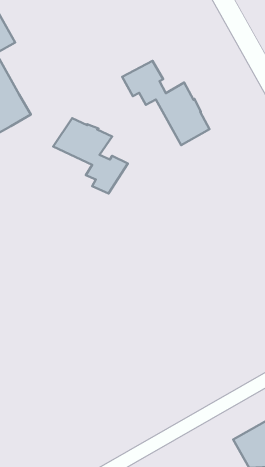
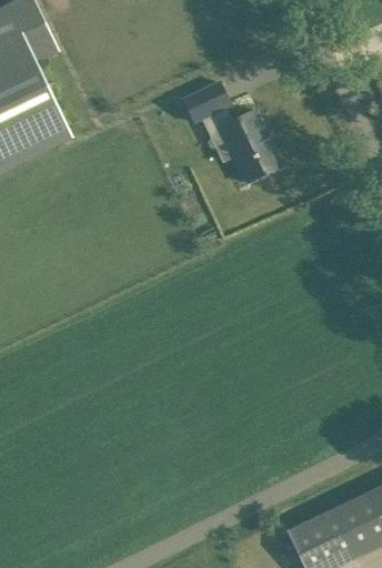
building: [53,118,128,194] -> none

